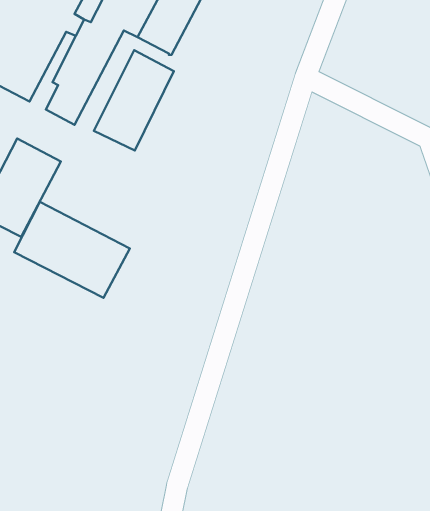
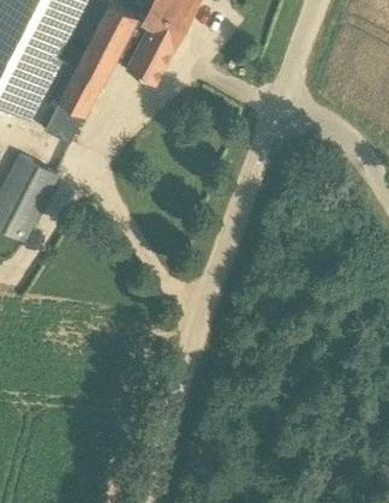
building: [94,50,174,151] -> none
building: [14,202,130,298] -> none

